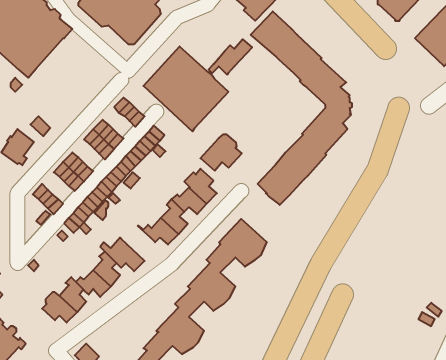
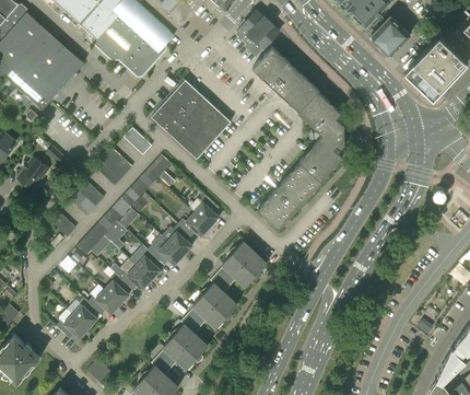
building: [209,39,252,75] -> none
building: [200,134,242,171] -> none
building: none -> [131,246,162,281]

